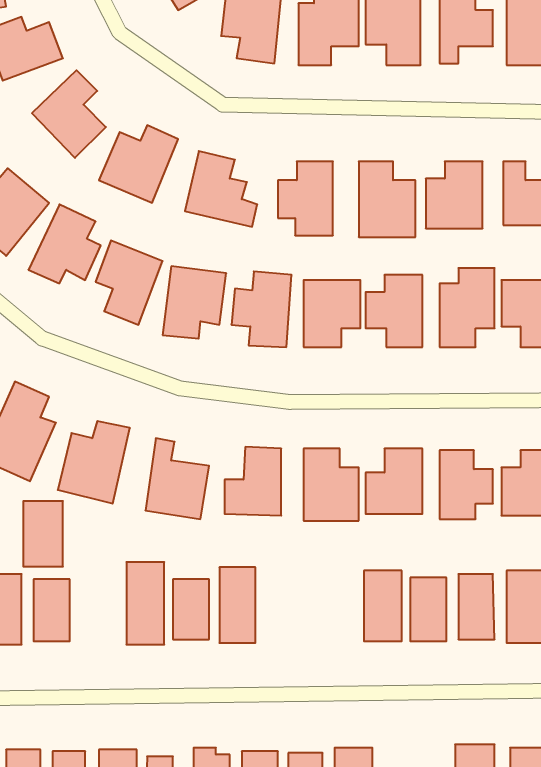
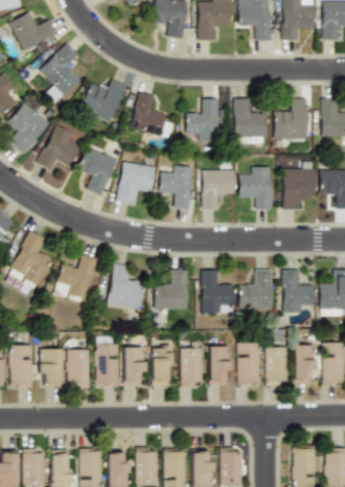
building: [23,501,63,567] -> [67,349,90,388]
building: none -> [208,346,230,383]
building: none -> [181,348,201,387]

